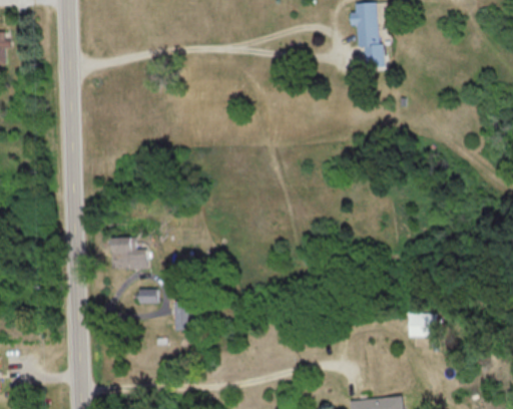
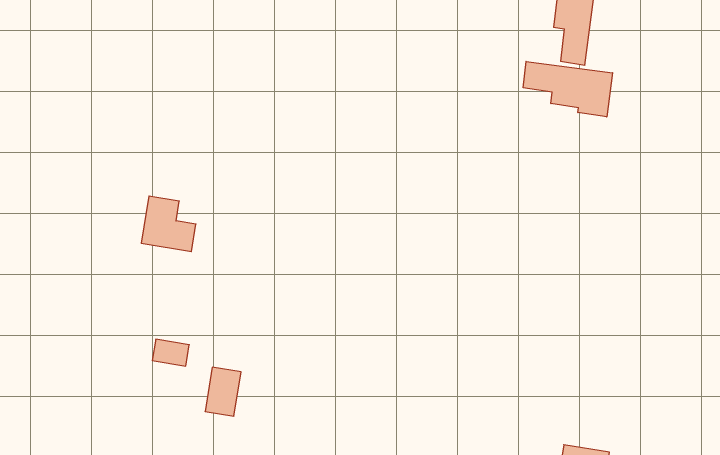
building: none -> [523,61,613,117]
building: [113,238,146,269] -> [141,196,196,252]

